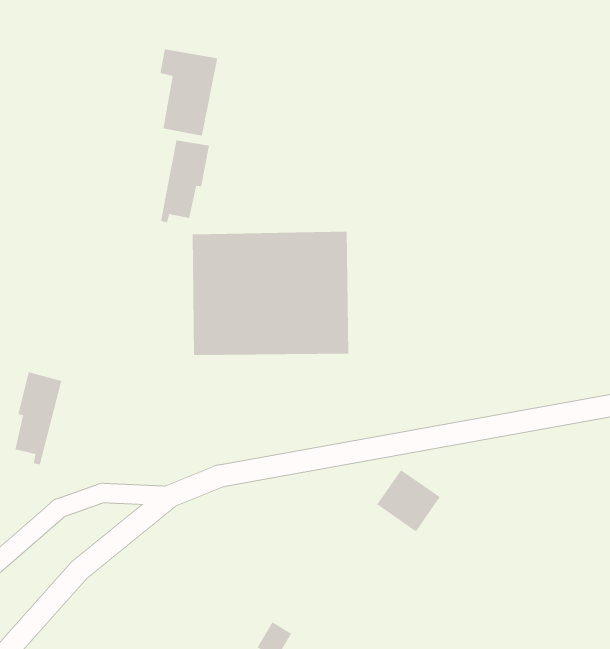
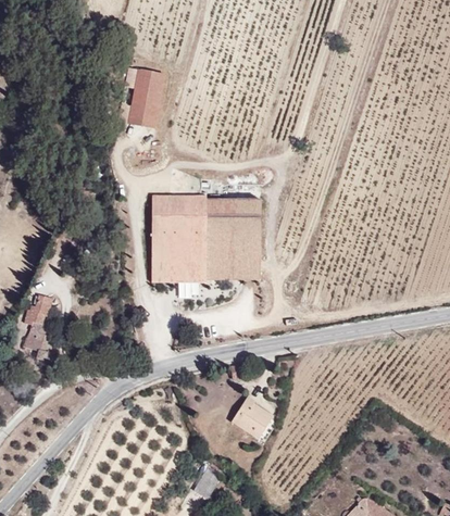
building: [160,139,210,223] -> none
building: [376,469,441,532] -> [224,393,270,438]

